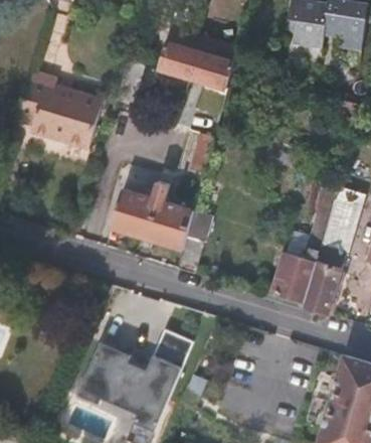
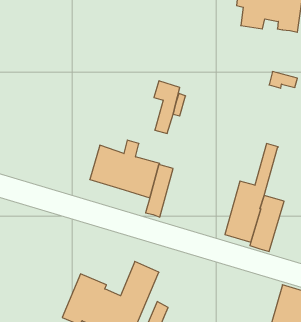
building: [160,39,234,92] -> none
building: [16,69,104,148] -> none
building: [321,189,361,254] -> none

